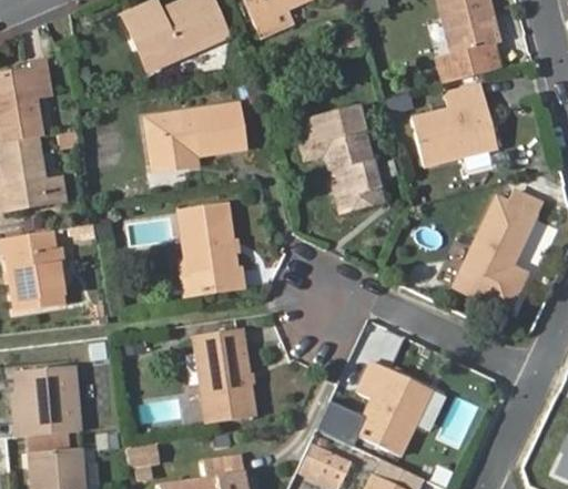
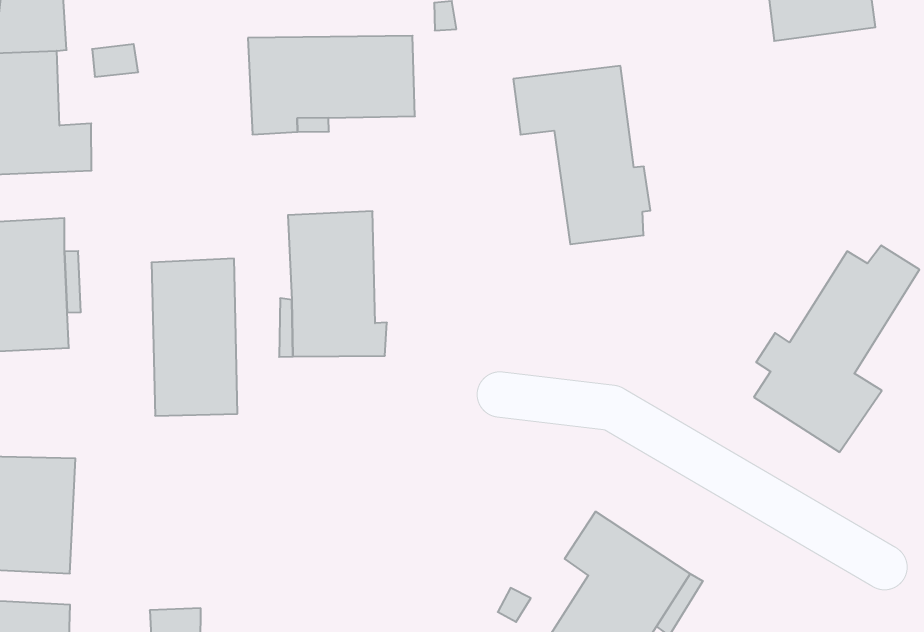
building: [413,84,497,165] -> none
building: [194,328,253,422] -> [151,259,237,416]

